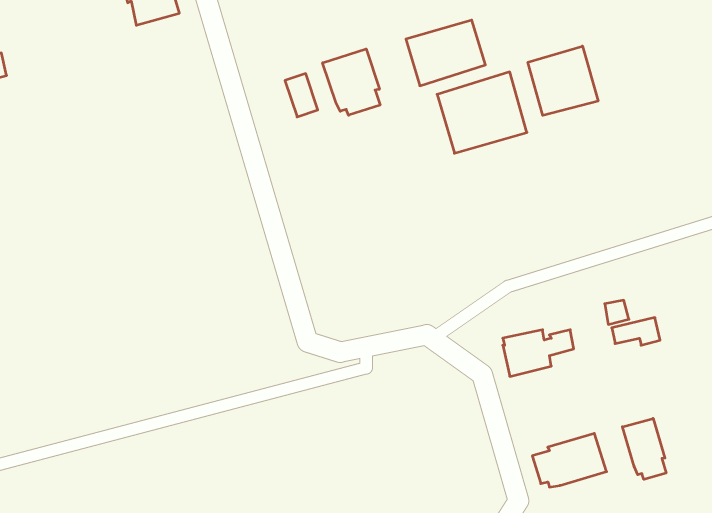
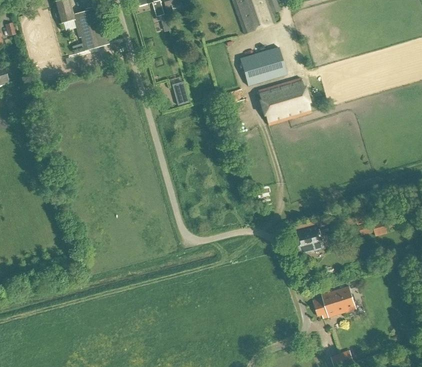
building: [528,46,598,115] -> none
building: [323,49,380,115] -> none
building: [622,418,666,479] -> none

